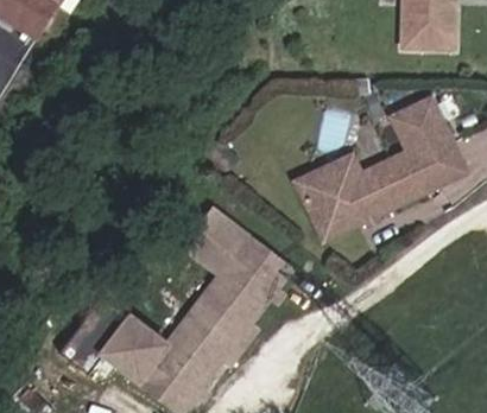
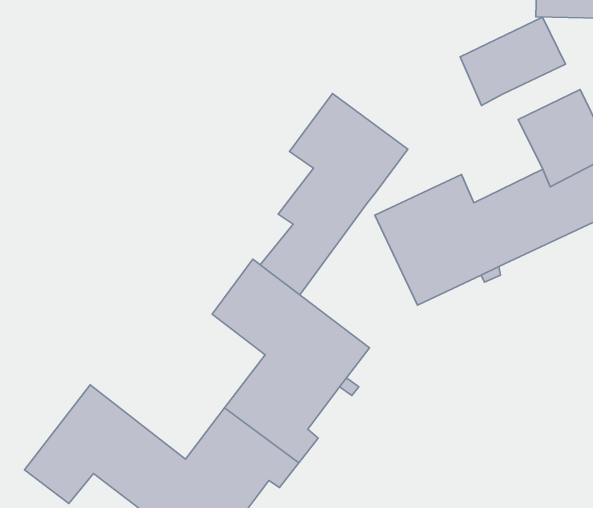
building: none -> [460,17,565,106]
building: none -> [260,93,408,295]

